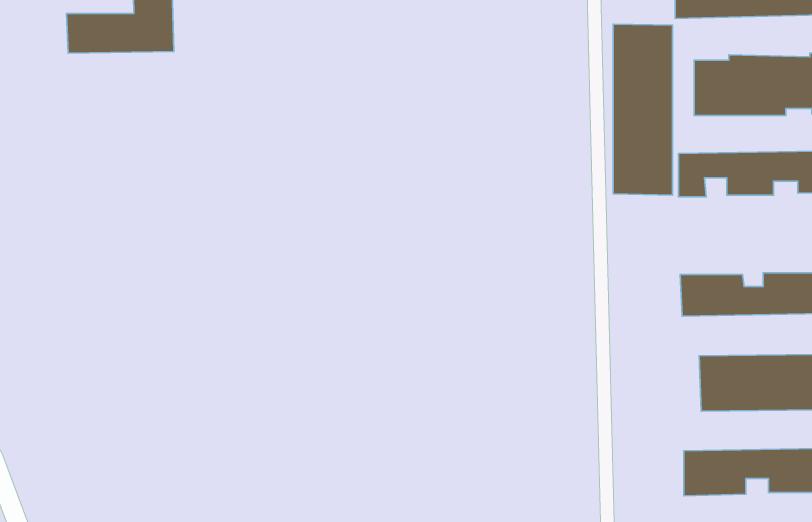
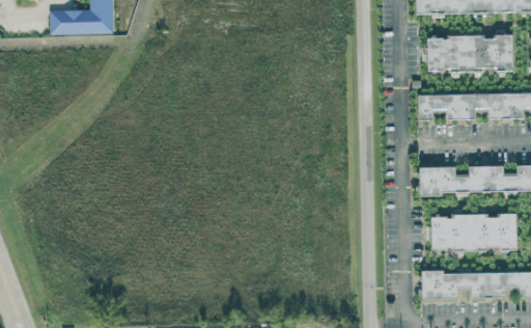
building: [613,24,672,195] -> none

